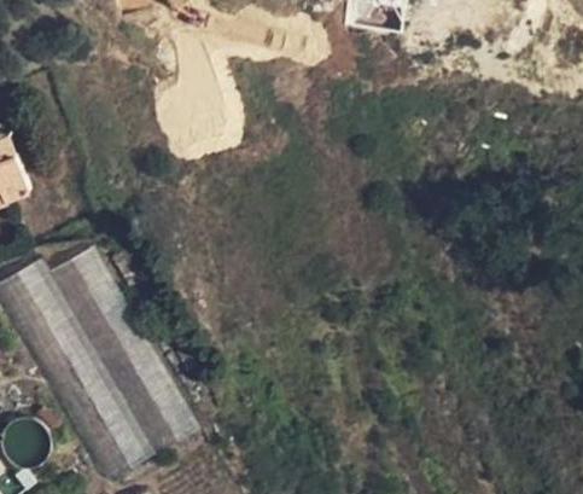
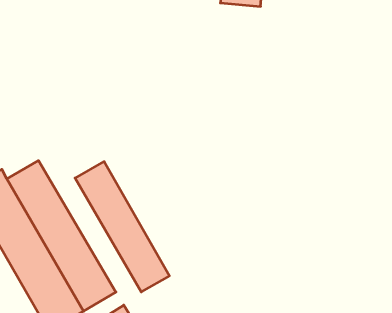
building: none -> [75,162,169,292]

